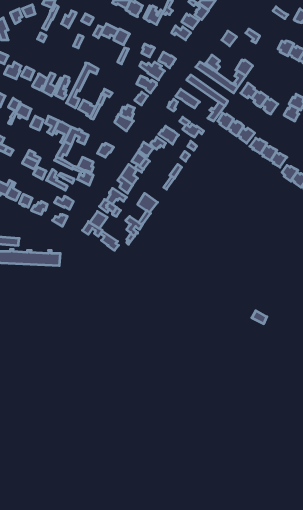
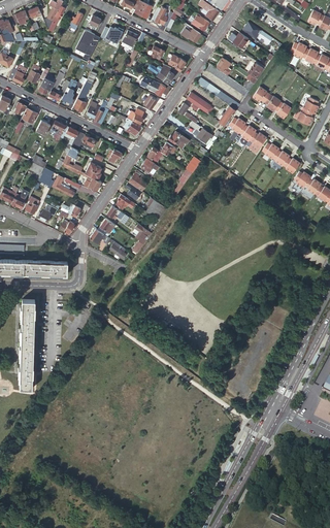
building: none -> [20,300,36,389]

